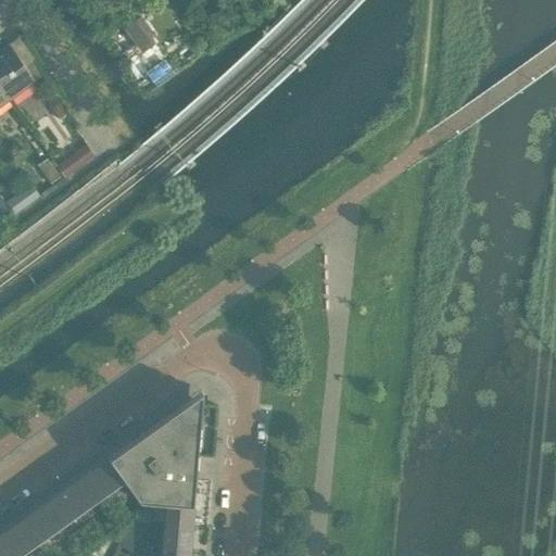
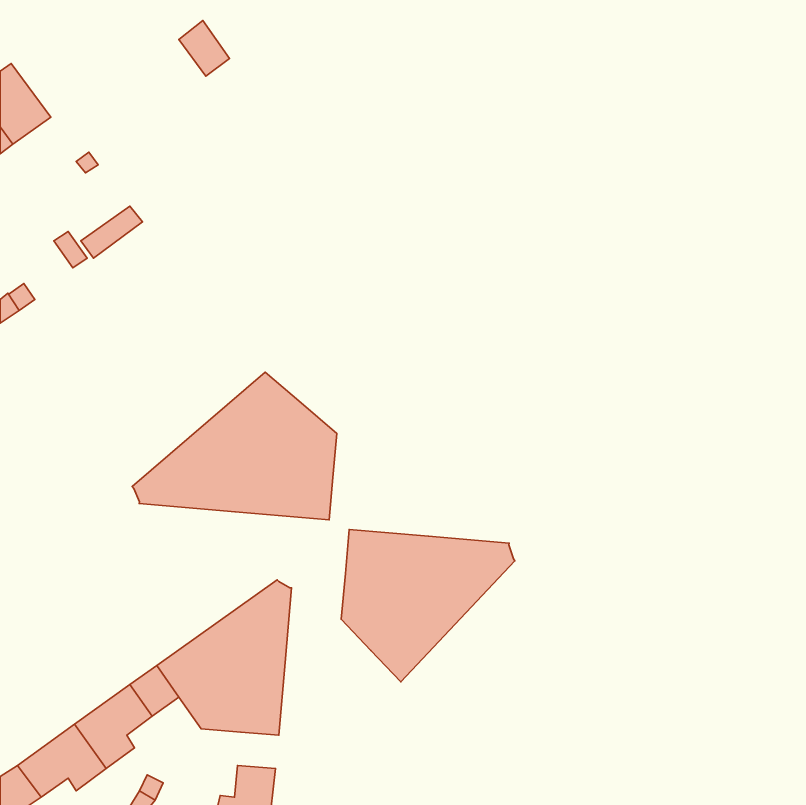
building: none -> [132,372,337,520]
building: none -> [341,530,515,682]
building: [165,505,193,530] -> none

